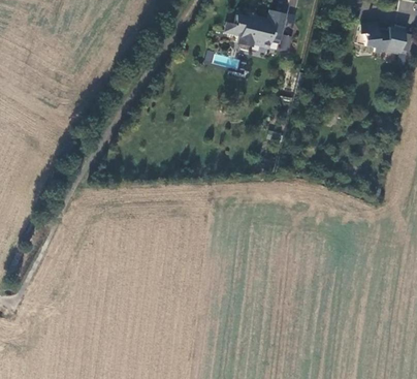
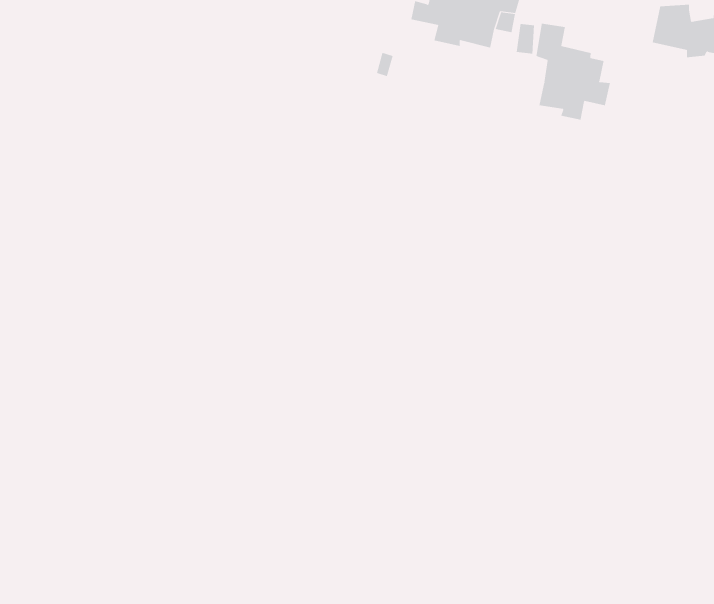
building: none -> [536,23,610,121]

